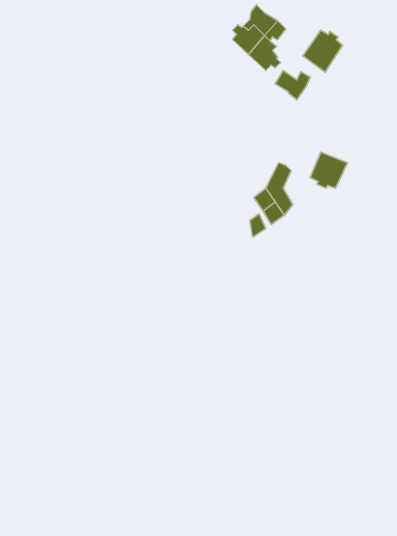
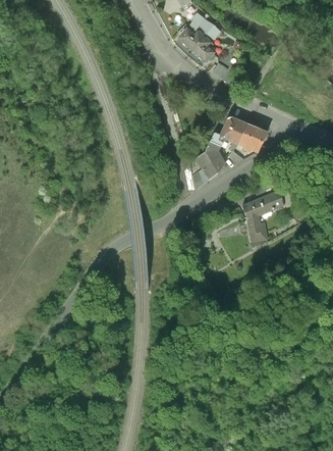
building: [303,30,342,72] -> none
building: none -> [220,116,246,143]
building: none -> [242,190,284,240]

